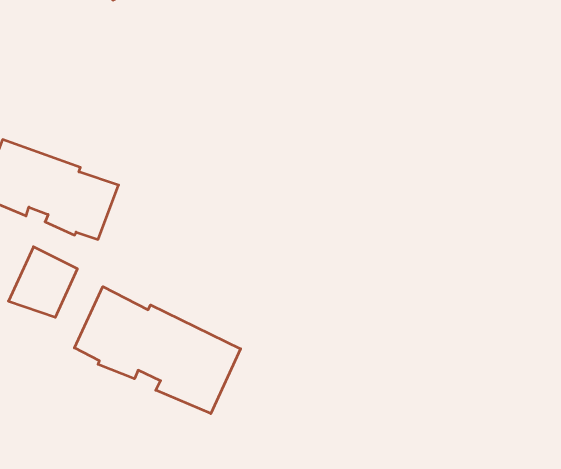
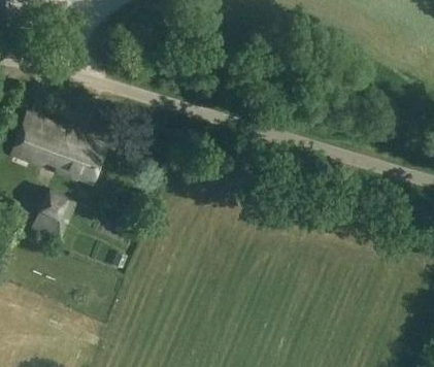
building: [74,287,241,414] -> none

